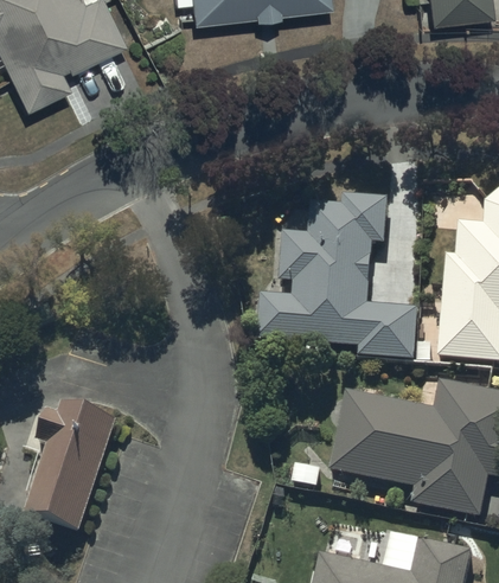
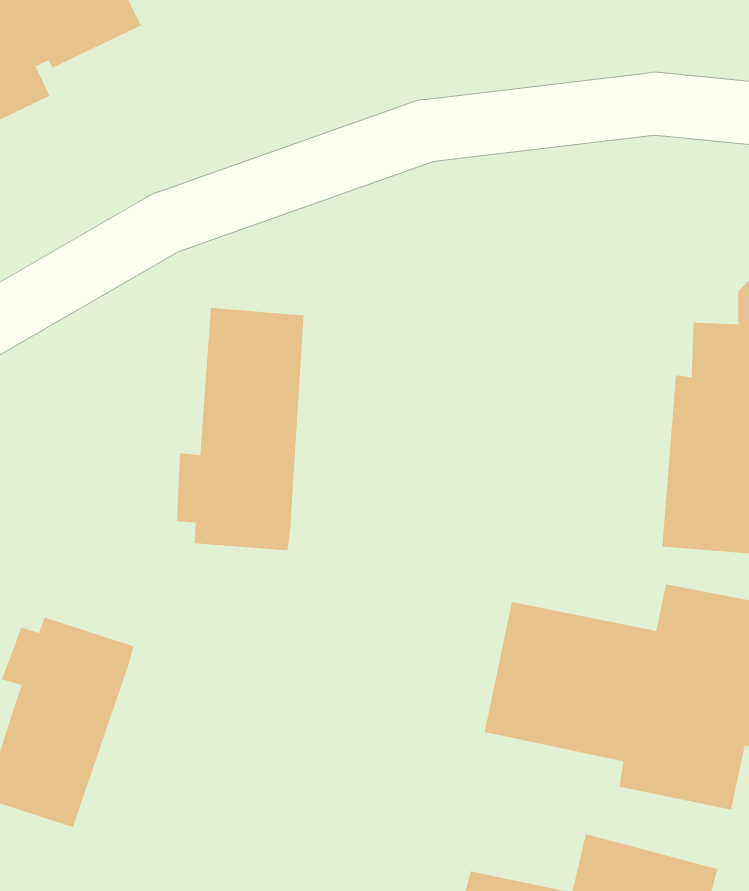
building: [258,194,418,359] -> none
building: none -> [177,307,304,551]

